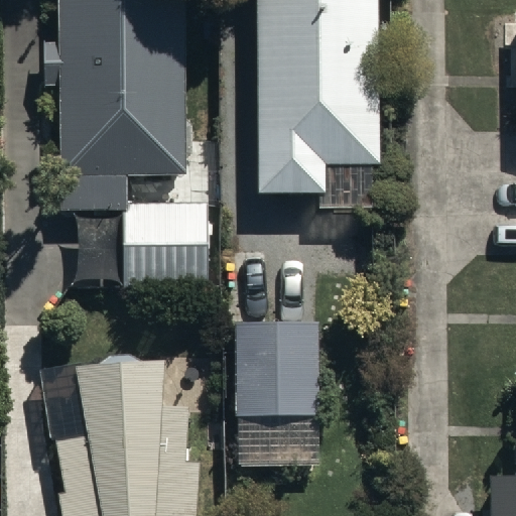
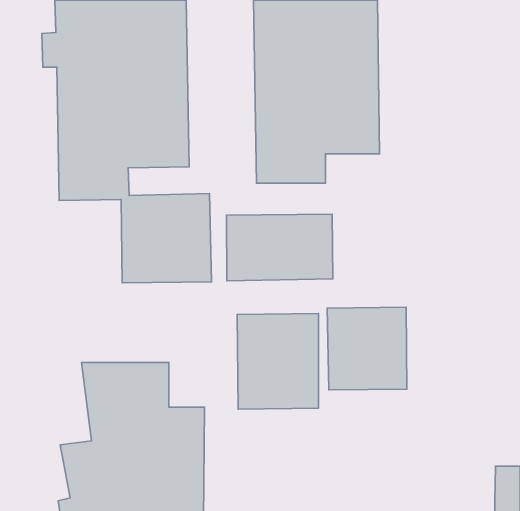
building: none -> [226,214,333,281]
building: none -> [327,307,407,390]

